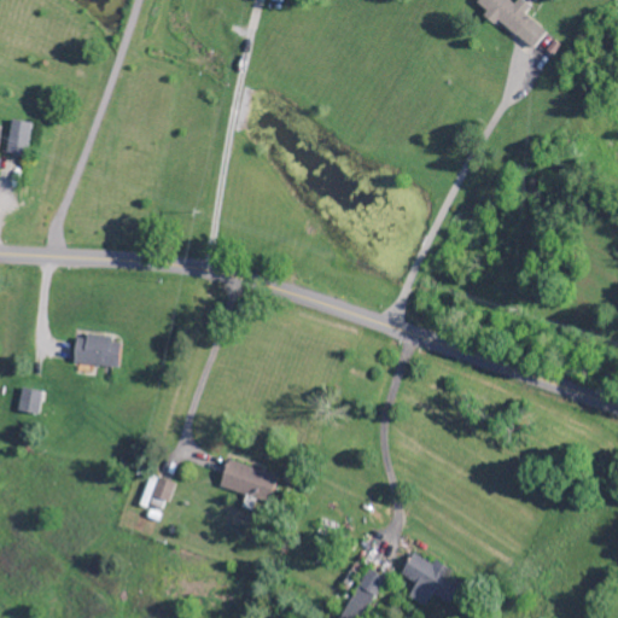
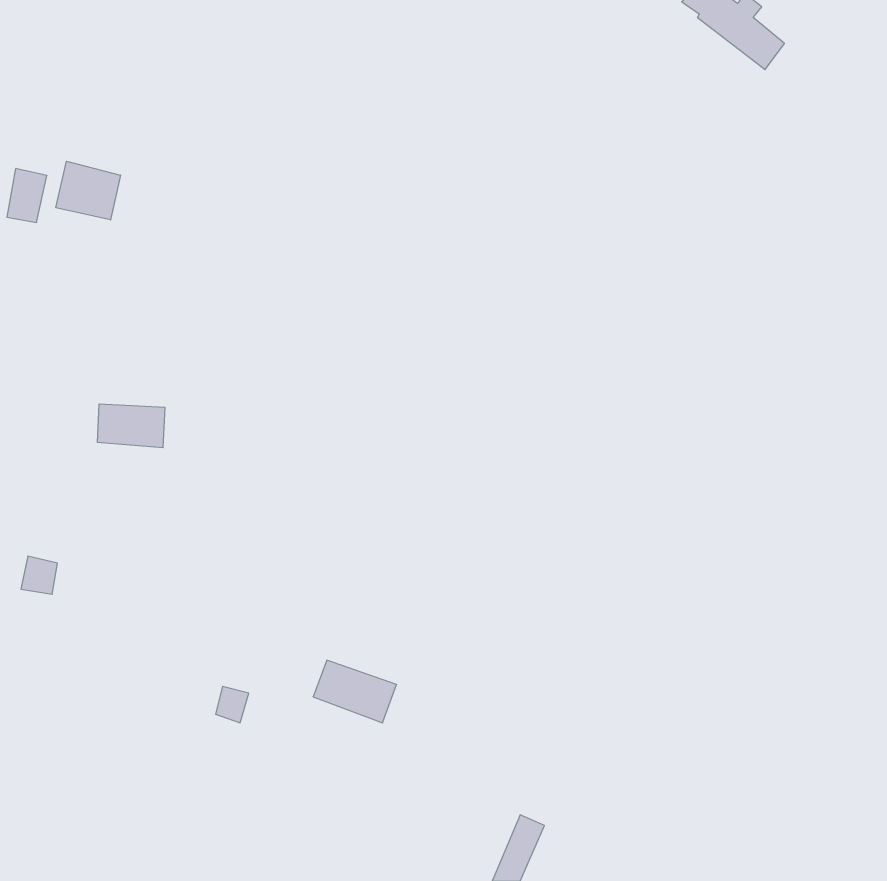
building: none -> [56,161,120,220]
building: [74,336,121,366] -> [97,404,165,448]
building: [400,550,457,606] -> none

